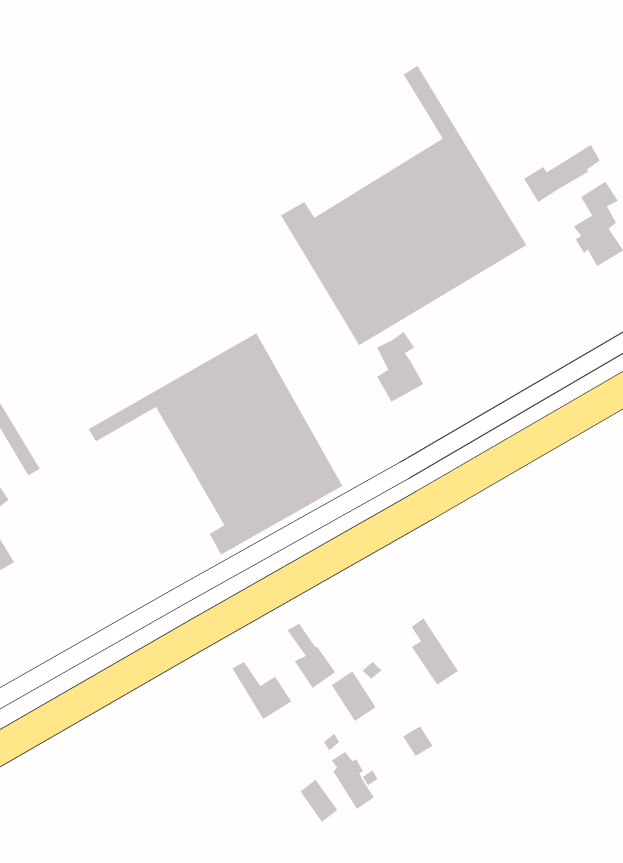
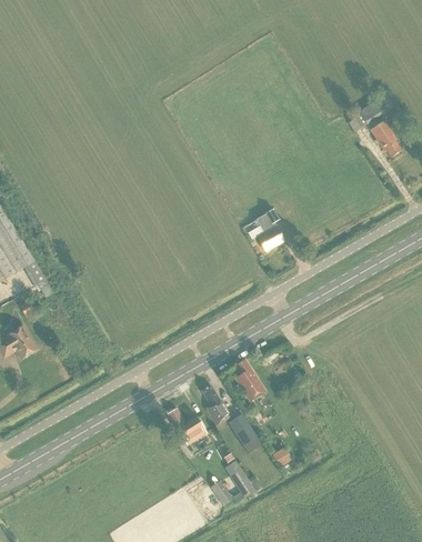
building: [280,65,527,346] -> none
building: [88,332,343,556] -> none
building: [411,618,459,685] -> [235,360,264,401]

